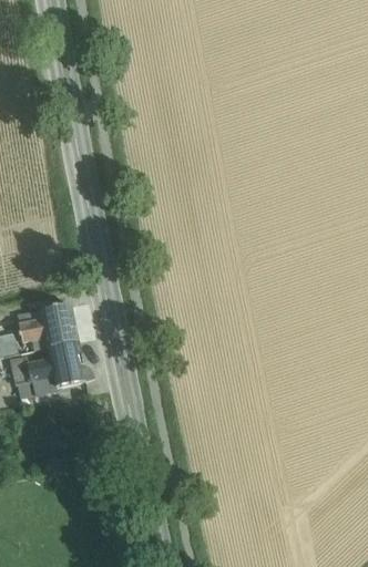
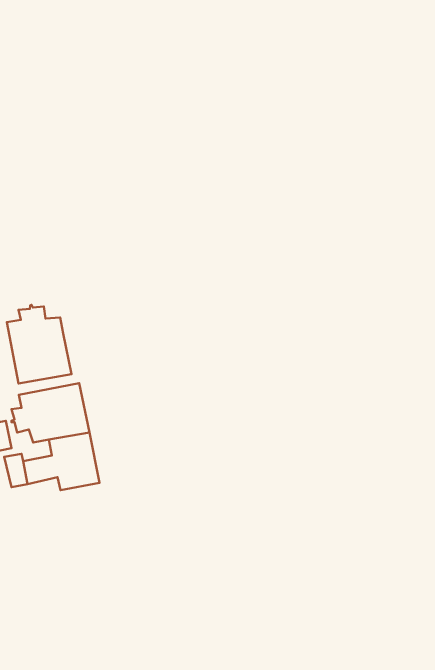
building: none -> [7,305,72,383]

